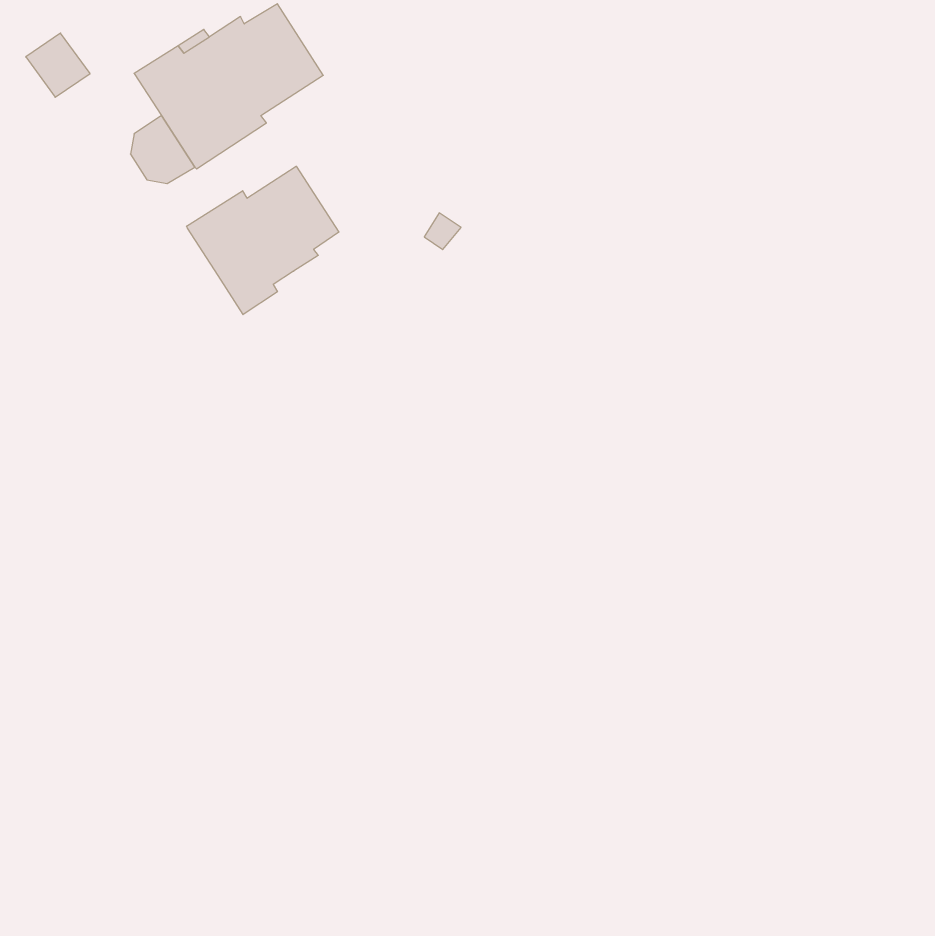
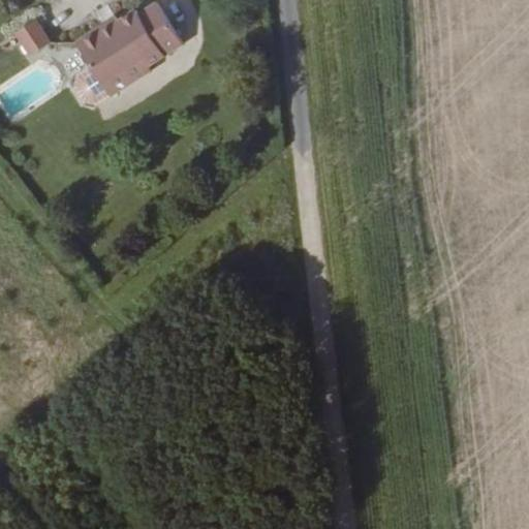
building: [187,166,339,315] -> none

